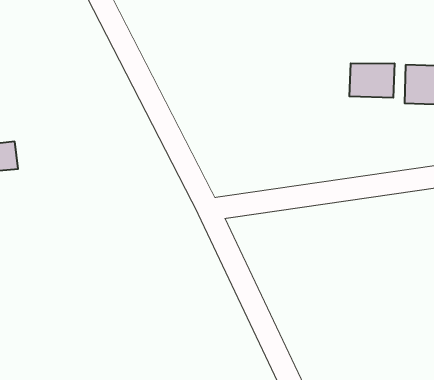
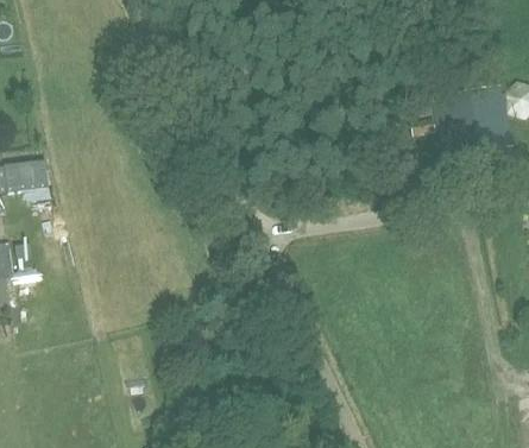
building: [349,63,394,98] -> none

